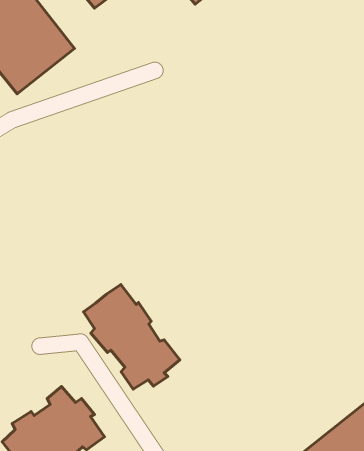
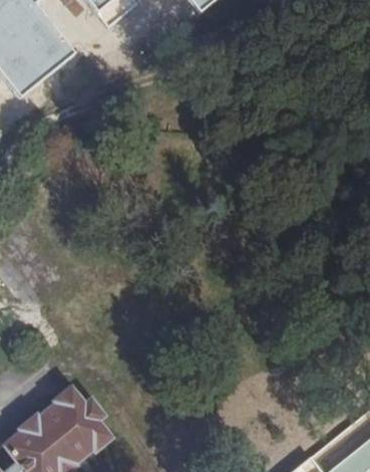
building: [83,284,180,389] -> none

